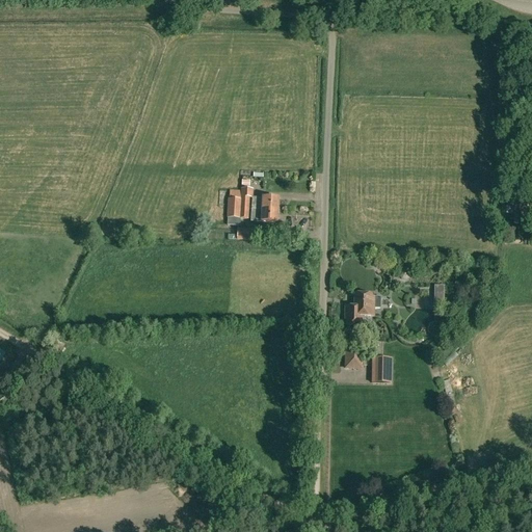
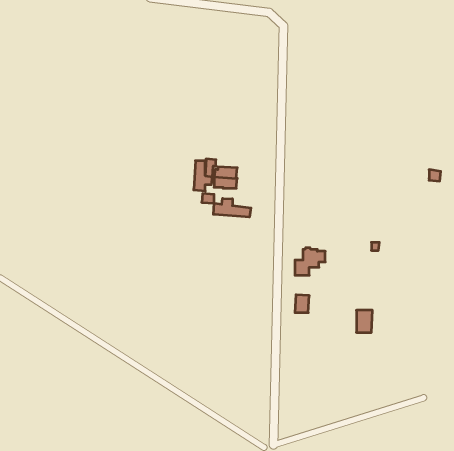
building: none -> [213,198,251,217]
building: [373,355,392,381] -> [356,310,372,332]

